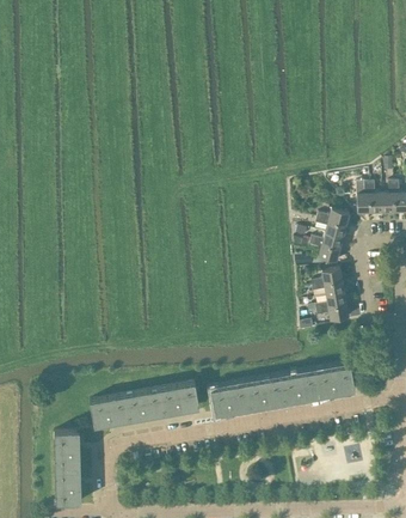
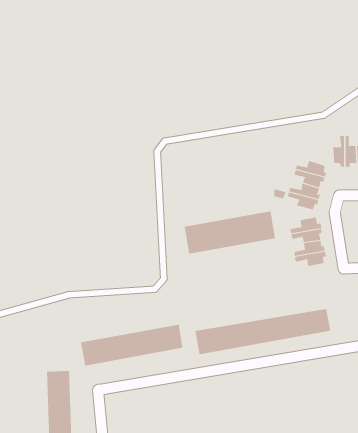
building: none -> [184,211,275,254]

